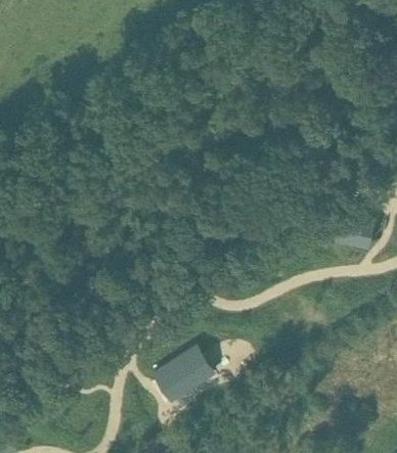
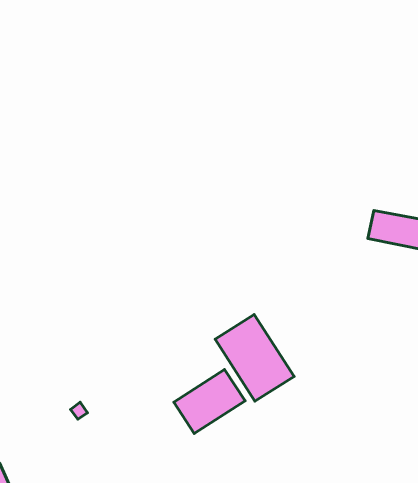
building: none -> [215,314,294,401]

